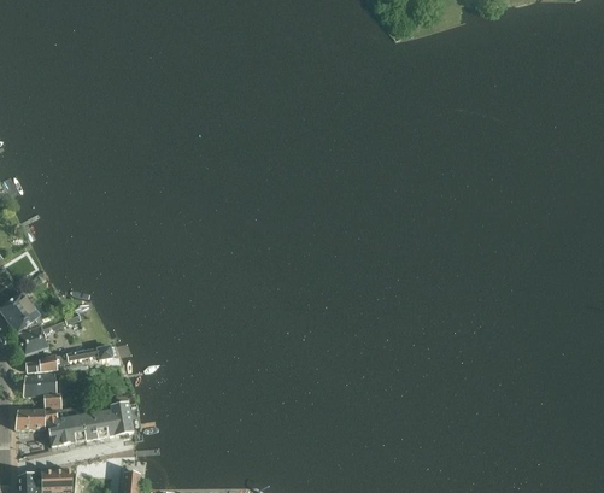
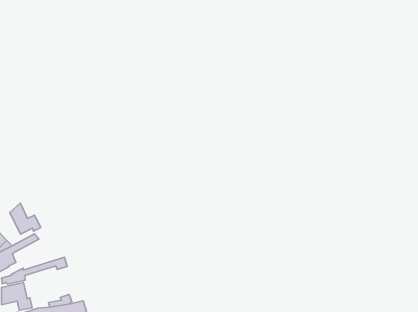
building: none -> [10,203,41,234]

